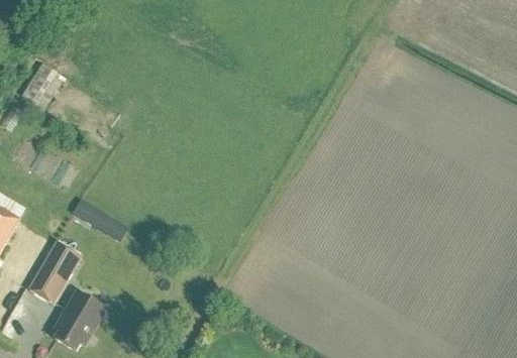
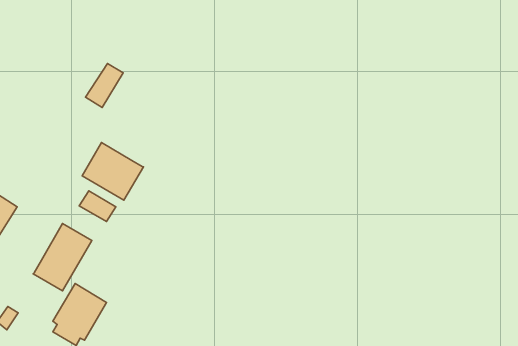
building: [20,65,57,107] -> [86,63,123,108]
building: none -> [82,143,143,200]

